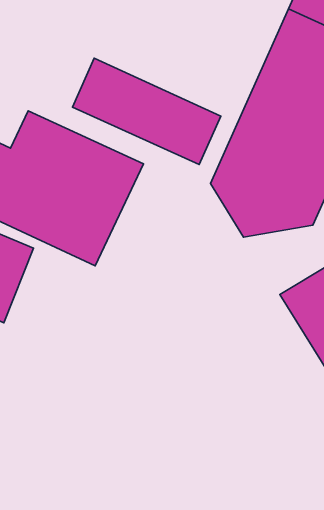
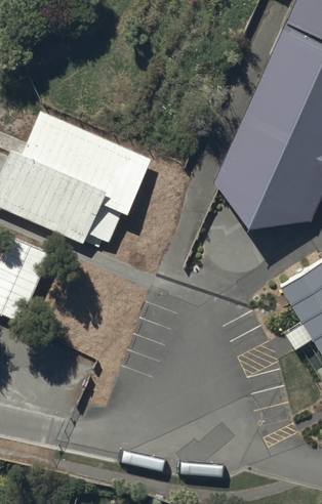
building: [73,58,221,164] -> none

